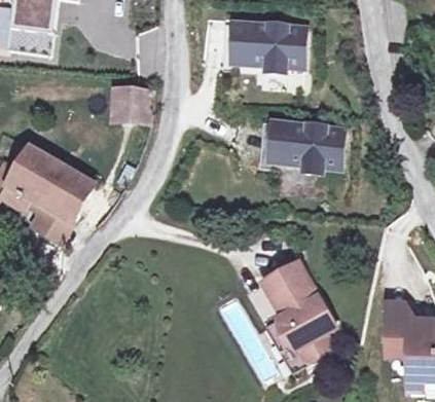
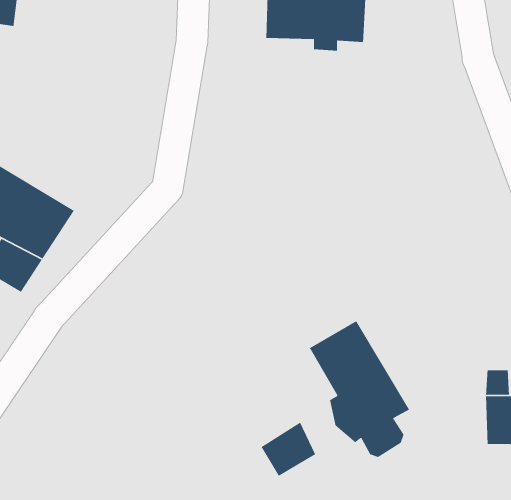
building: [110,85,151,126] -> none
building: [266,120,340,171] -> none
building: none -> [260,421,316,477]

